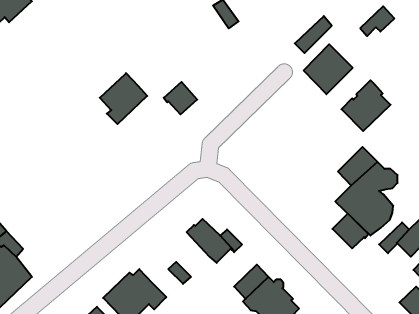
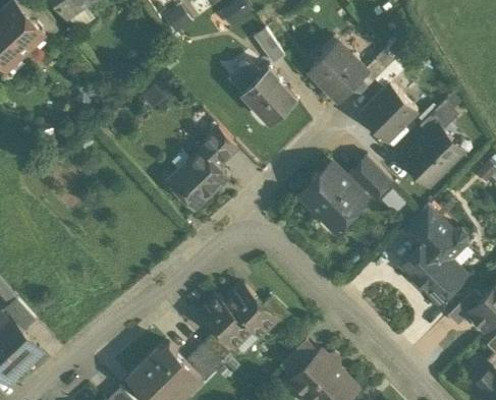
building: [360,6,394,36] -> [420,102,459,136]
building: none -> [307,41,366,99]
building: none -> [229,61,298,124]
building: [100,73,147,124] -> [173,151,228,210]
building: none -> [349,157,392,199]
building: none -> [301,165,366,226]
building: [332,214,368,248] -> none
building: none -> [202,295,252,347]
building: none -> [186,345,223,383]

